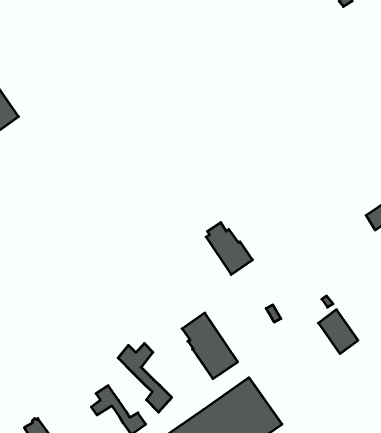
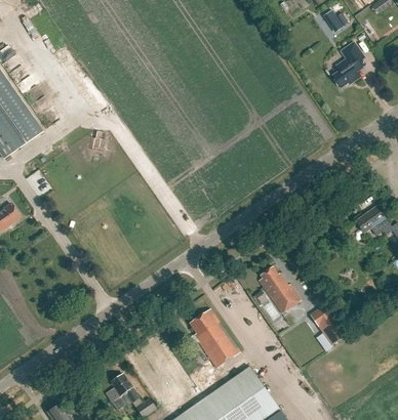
building: none -> [331,41,362,87]
building: [206,222,253,275] -> [258,265,301,312]
building: [118,343,172,412] -> none

